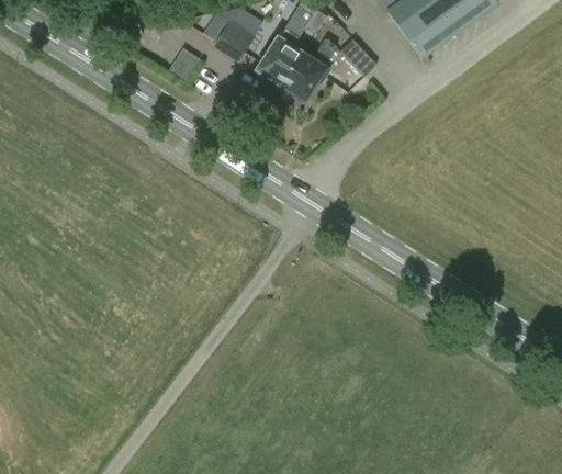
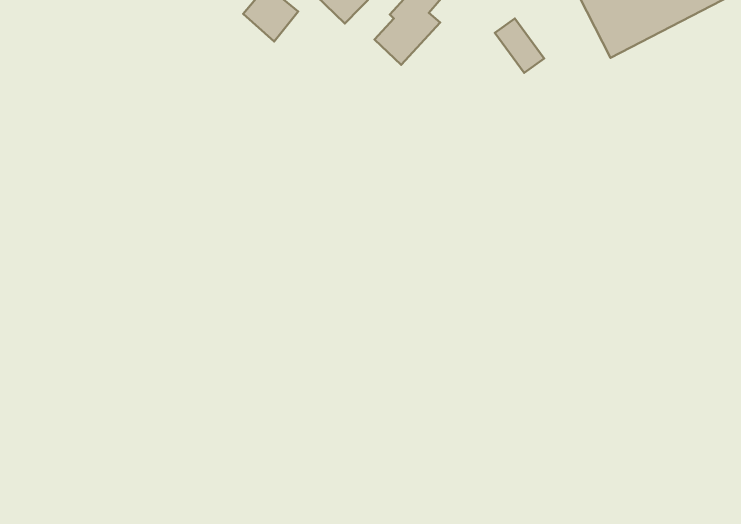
building: [280,37,337,100] -> none

